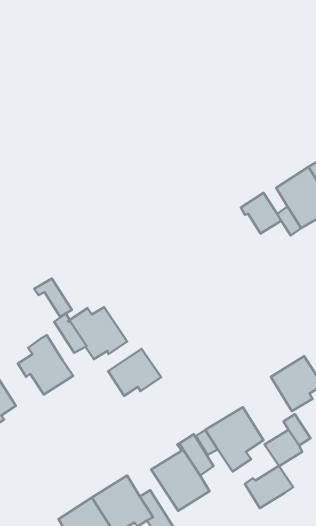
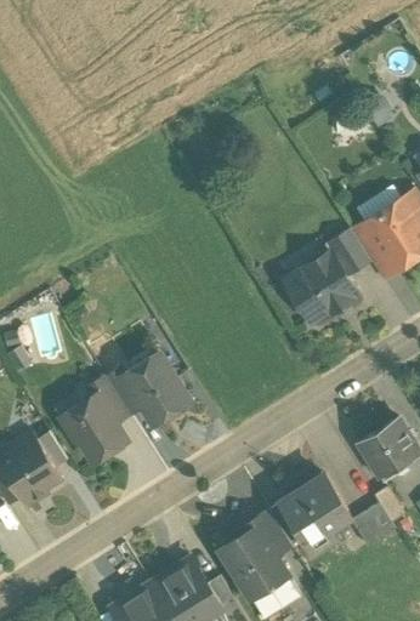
building: none -> [285,252,356,320]
building: [34,279,72,317] -> [85,378,129,423]
building: [108,349,161,396] -> none
building: [245,466,293,508] -> none

